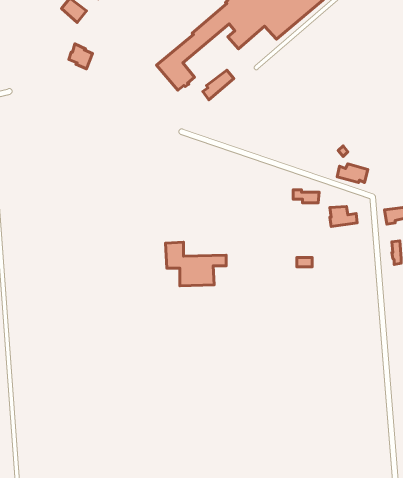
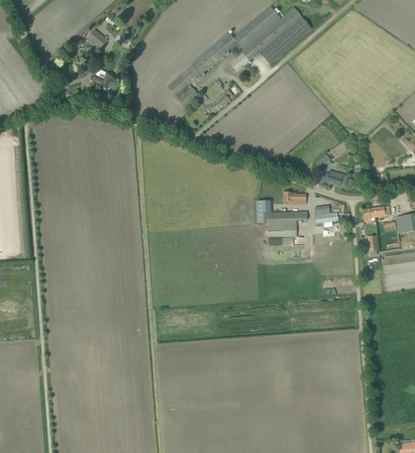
building: [166,242,226,286] -> [255,199,307,236]

